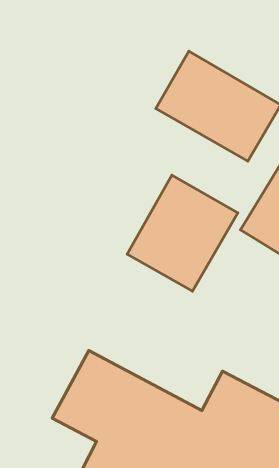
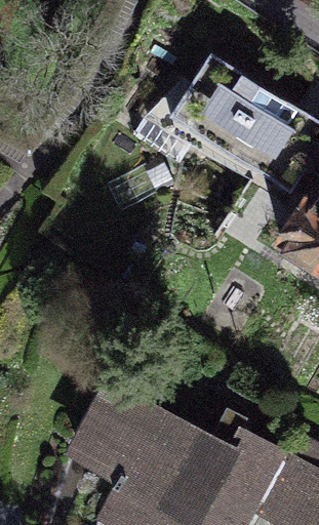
building: [127,175,238,291] -> none

